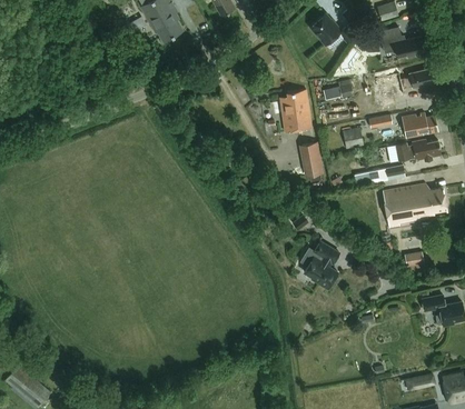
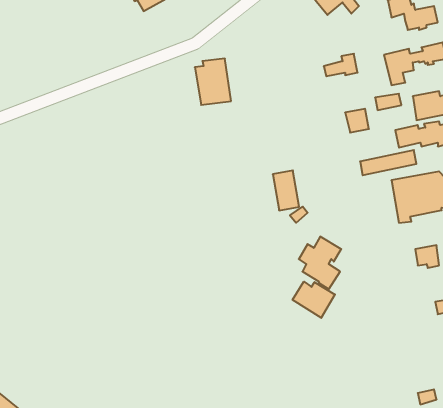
building: [279,90,311,131] -> [195,59,231,105]
building: [299,141,323,177] -> [273,170,299,210]
building: none -> [293,282,335,318]

